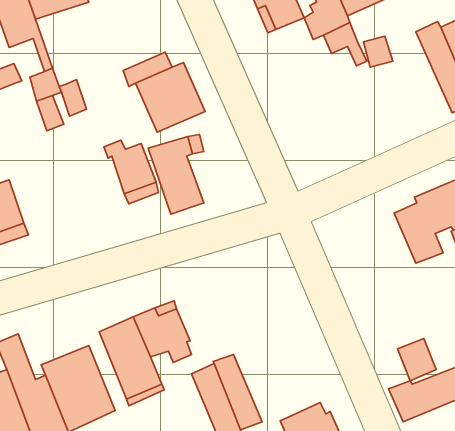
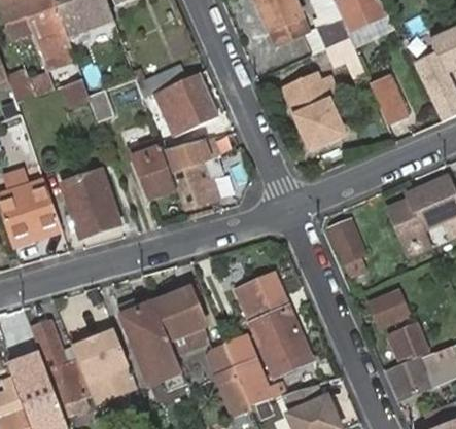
building: none -> [284,73,344,147]
building: none -> [370,74,406,124]
building: none -> [60,171,117,238]
building: none -> [336,220,367,277]
building: none -> [236,273,312,376]
building: none -> [369,288,409,325]

